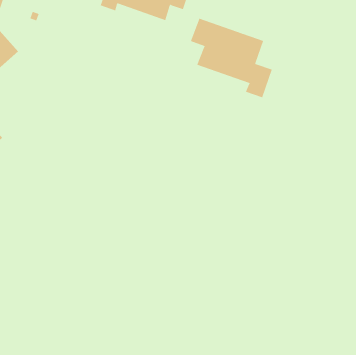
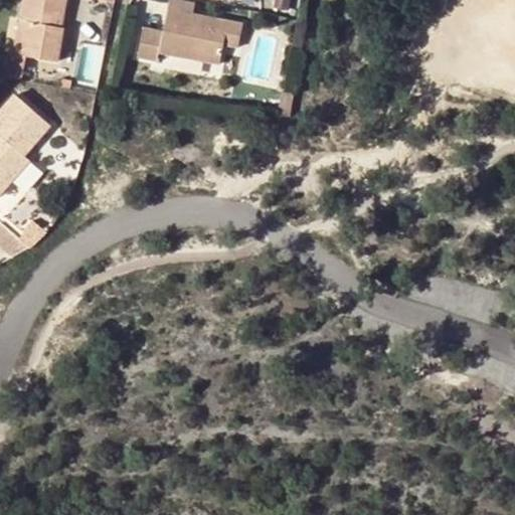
building: [190,18,273,98] -> none

